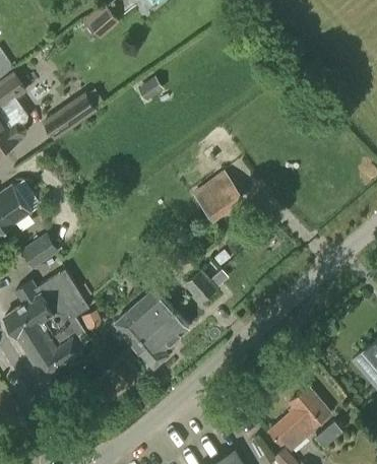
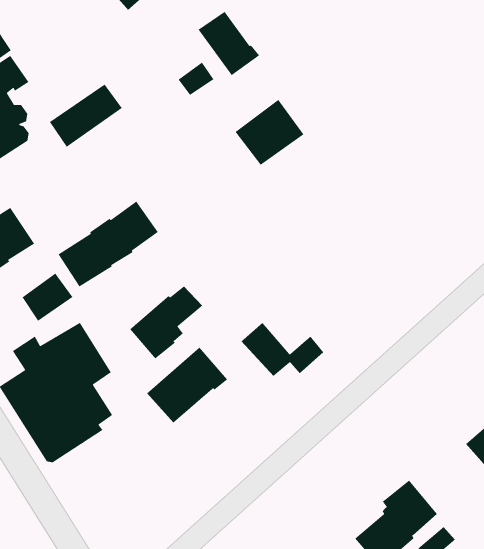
building: none -> [198,11,260,76]
building: [194,173,246,222] -> [235,99,304,166]
building: none -> [58,200,159,287]
building: [134,312,189,367] -> [129,285,203,359]

